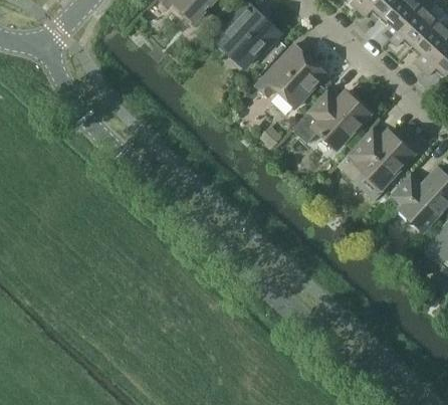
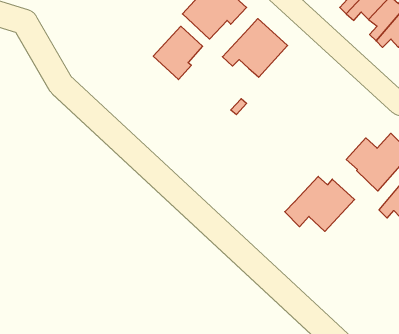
building: none -> [153,26,203,80]
building: [292,90,370,149] -> none
building: [338,128,413,187] -> [285,176,355,231]

